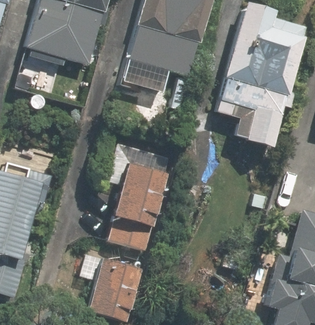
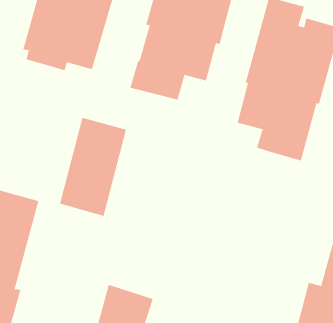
building: [107,163,167,251] -> [59,117,127,216]

